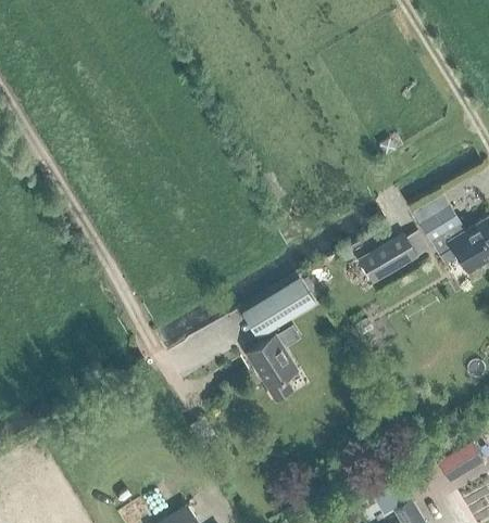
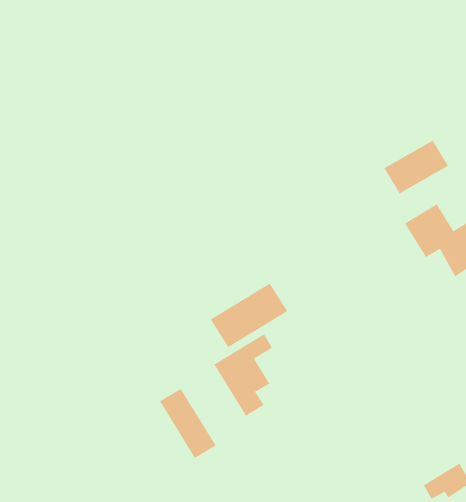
building: [359,234,418,284] -> [384,140,449,194]
building: none -> [159,388,216,459]

